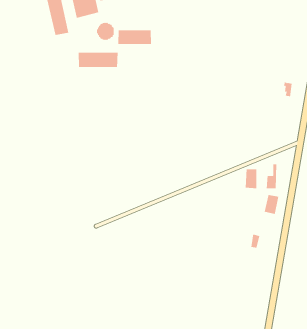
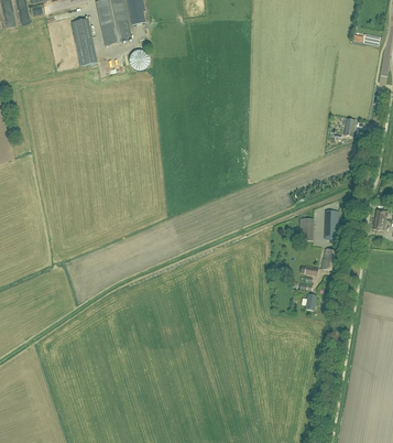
building: [118,30,151,45] -> none
building: [78,52,118,68] -> none

